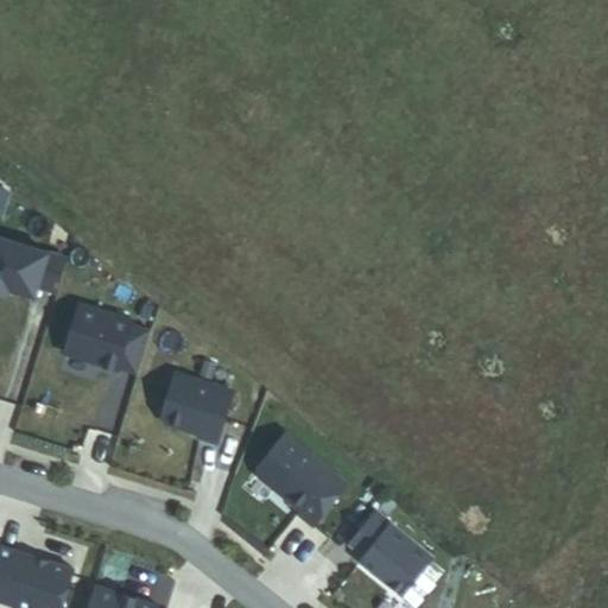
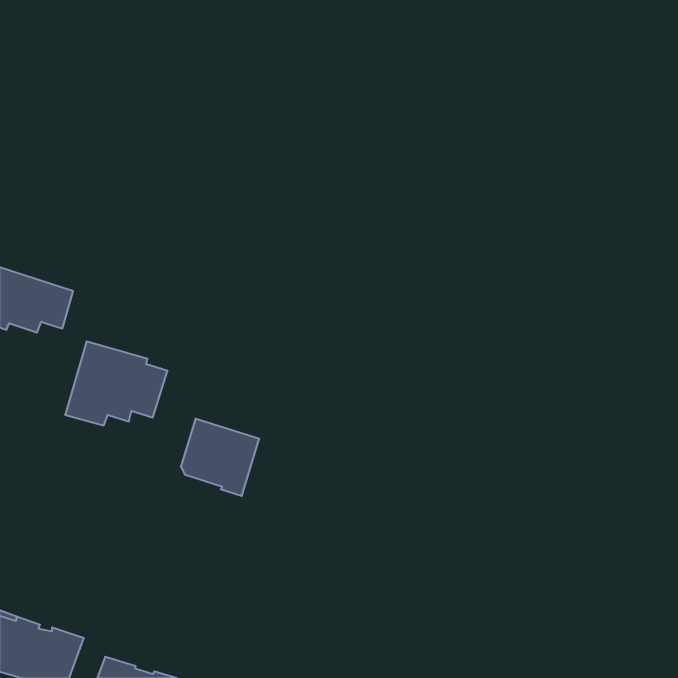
building: [256,433,347,526] -> none
building: [349,512,432,595] -> none

